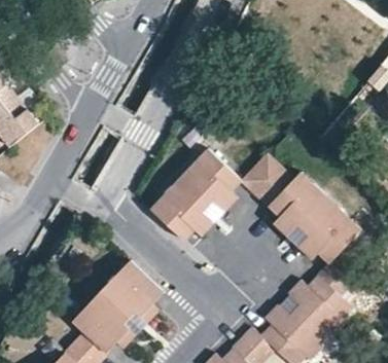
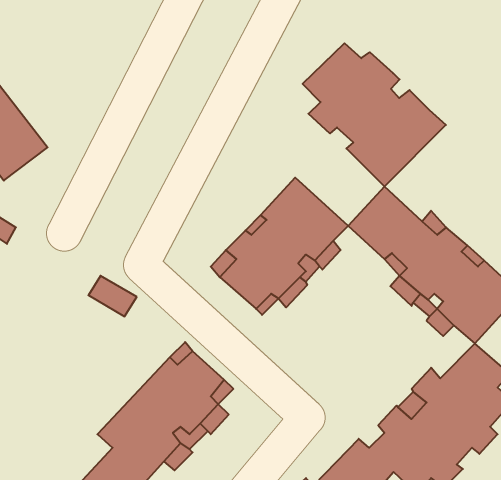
building: none -> [303,43,446,187]

